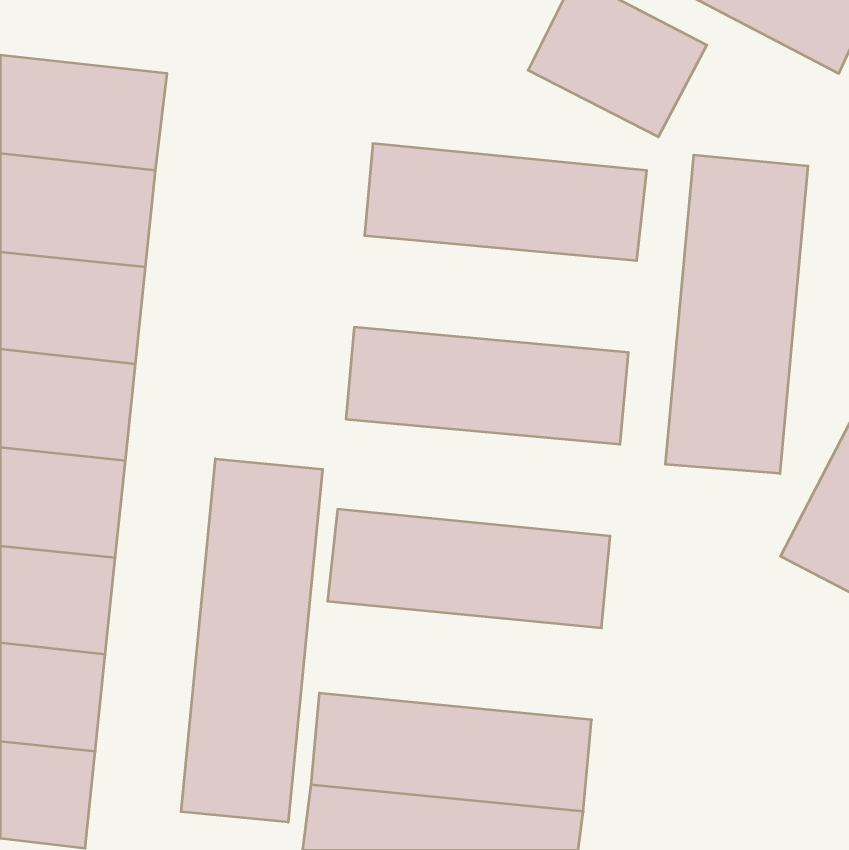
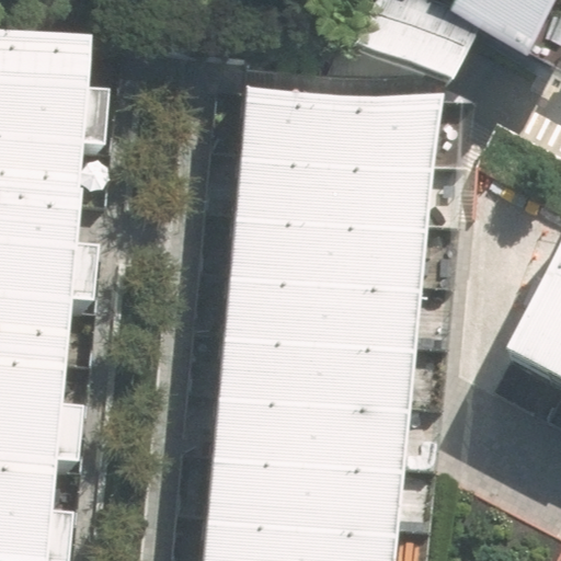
building: [665,155,808,474] -> none
building: none -> [236,154,421,231]
building: none -> [225,275,410,352]
building: [181,459,323,822] -> none
building: none -> [213,394,398,472]

